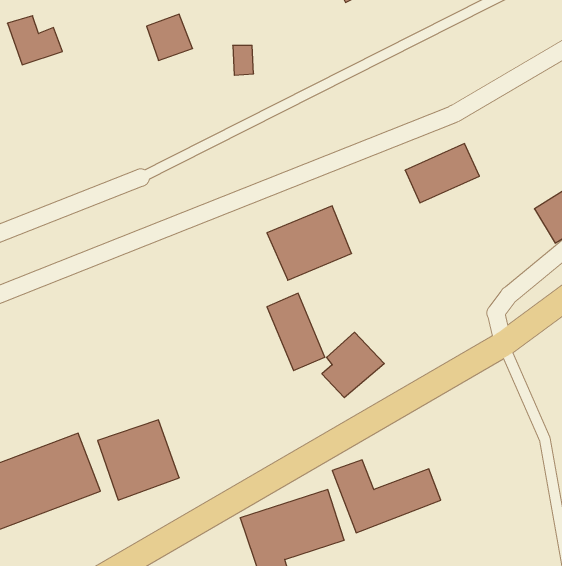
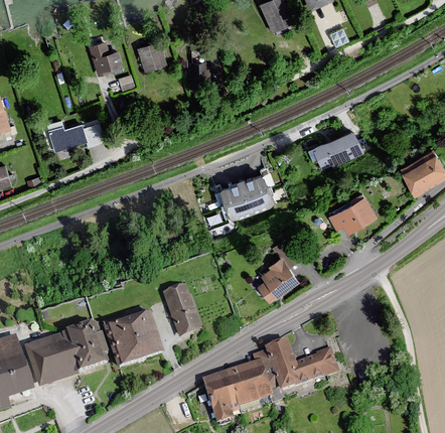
building: [7,16,62,65] -> [89,40,126,74]
building: none -> [46,120,89,152]
building: none -> [328,193,376,232]
building: [267,293,325,371] -> [163,285,202,337]

